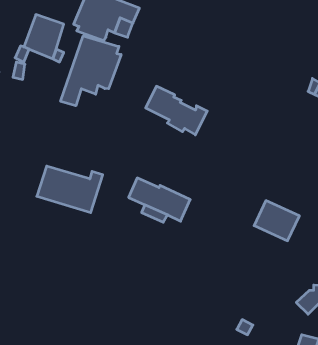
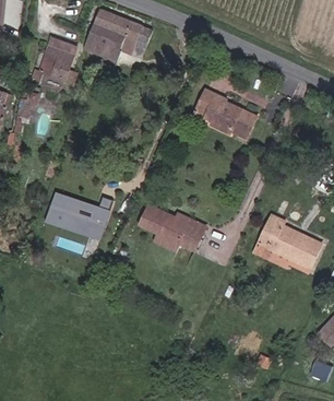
building: [61,36,121,106] -> none
building: [146,86,207,135] -> [196,85,259,134]
building: none -> [251,215,279,252]

